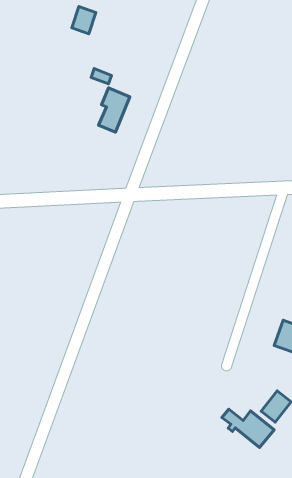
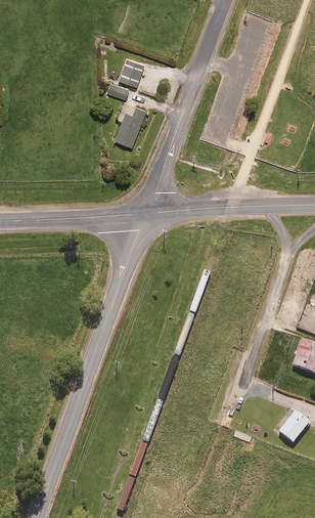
building: [72,7,96,34] -> [120,59,144,87]
building: [222,409,274,448] -> none

